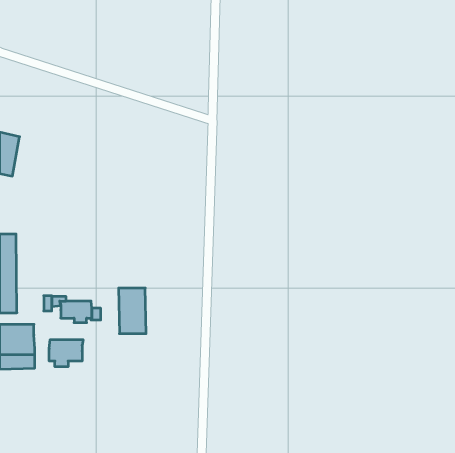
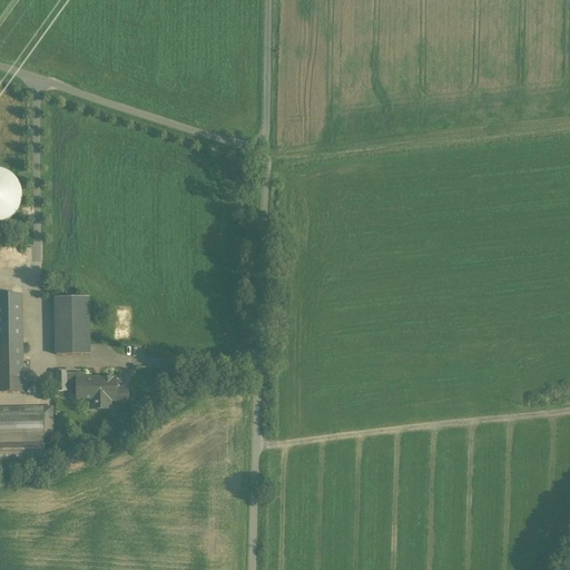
building: [119,288,146,334] -> [53,295,88,352]
building: [49,340,83,367] -> none

